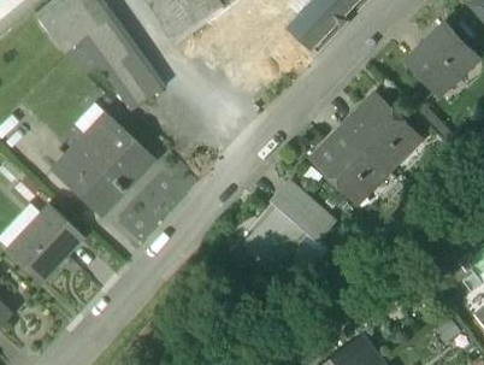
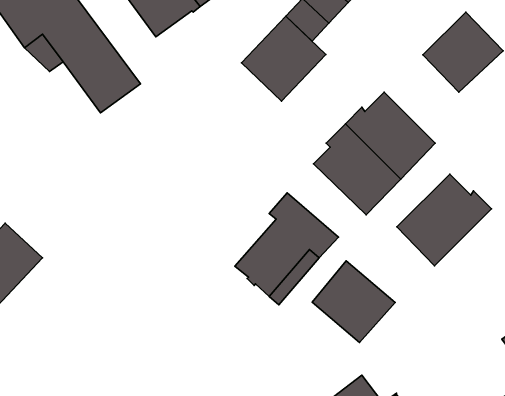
building: none -> [242,16,326,101]
building: [49,113,147,214] -> none
building: none -> [397,174,491,266]
building: none -> [312,261,395,342]

